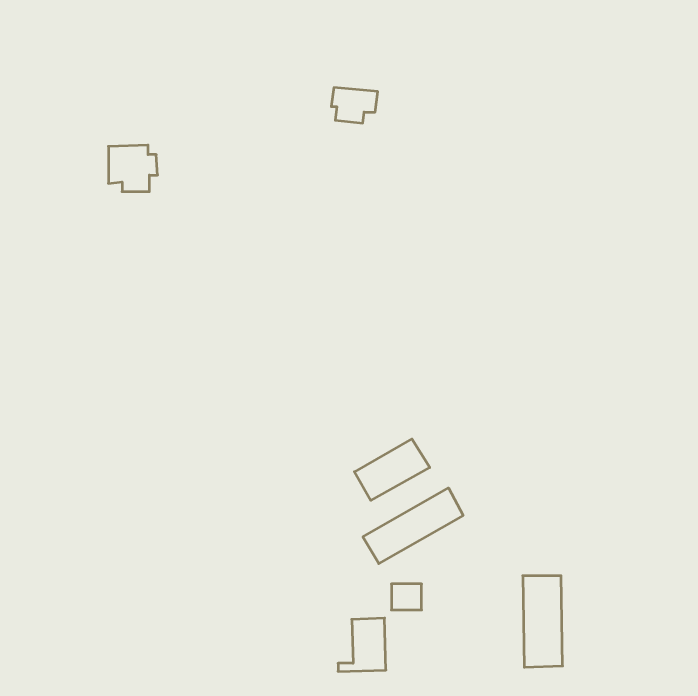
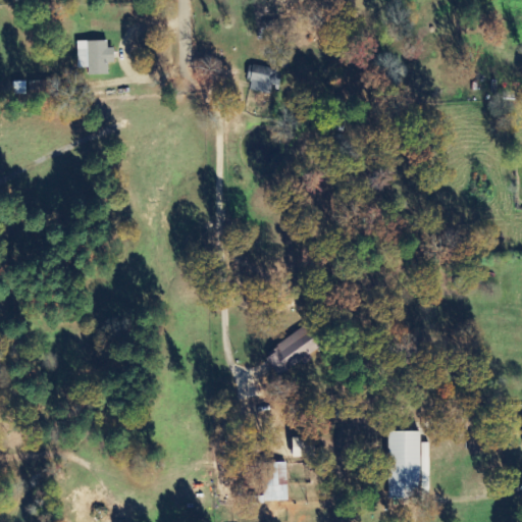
building: [108,145,158,192] -> [77,39,114,73]
building: [363,488,463,564] -> none

